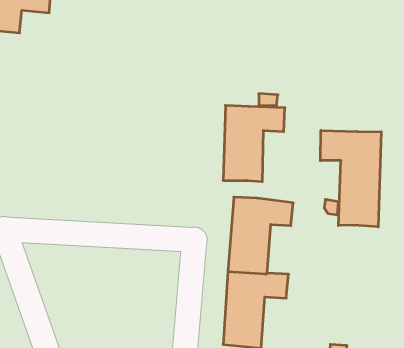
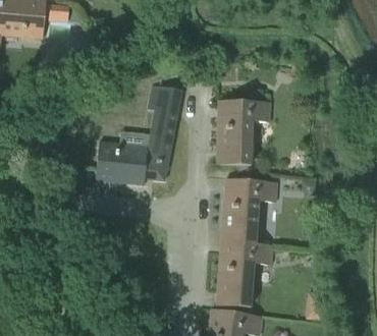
building: none -> [96,86,181,184]
building: [320,130,381,227] -> none

